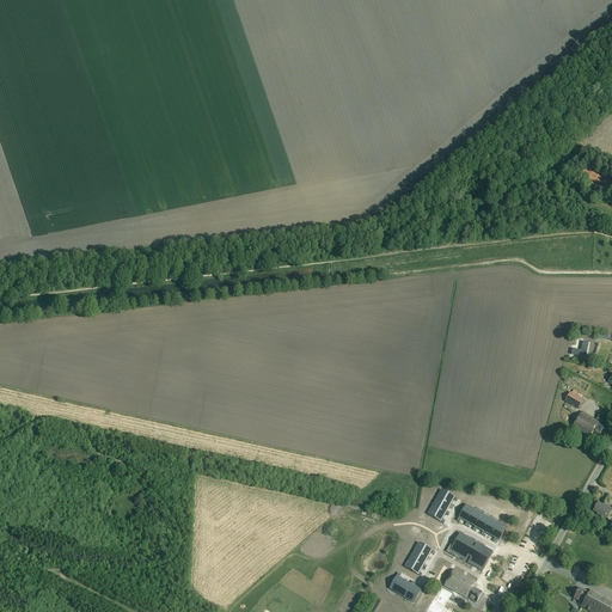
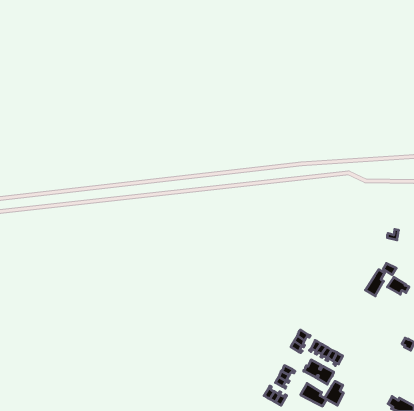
building: none -> [365,270,385,296]
building: none -> [324,381,343,405]

